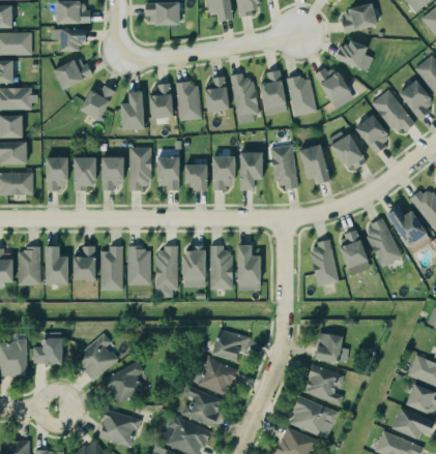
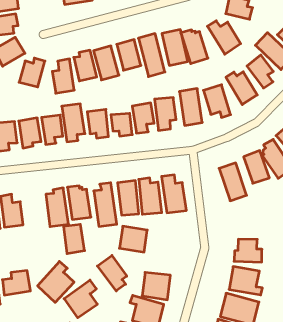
building: [75,248,96,281] -> [64,224,85,254]
building: [211,329,248,363] -> [119,226,147,252]
building: none -> [97,255,127,291]

